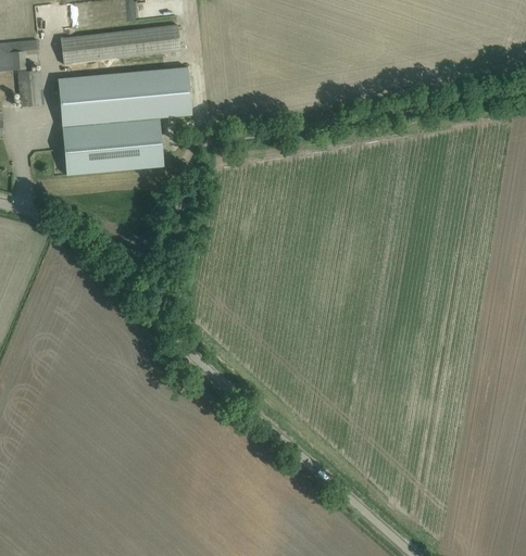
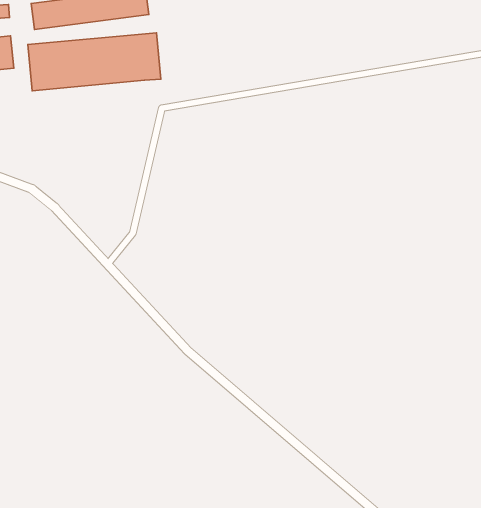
building: [62,117,164,176] -> none

